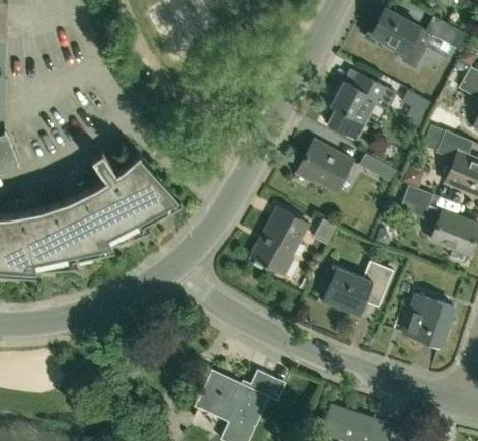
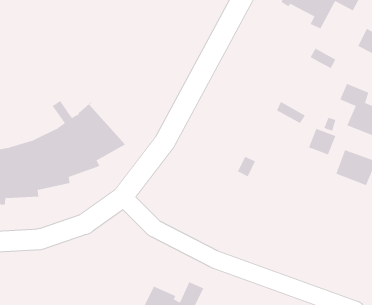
building: [326,76,395,140] -> none
building: [297,141,352,193] -> none
building: [252,207,308,274] -> none
building: [322,262,393,316] -> none
building: [403,295,454,346] -> none

